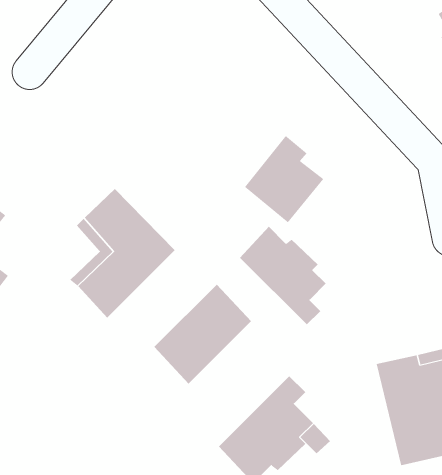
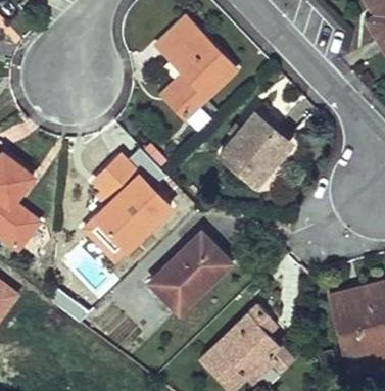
building: none -> [158,17,236,116]
building: [239,226,327,325] -> none

